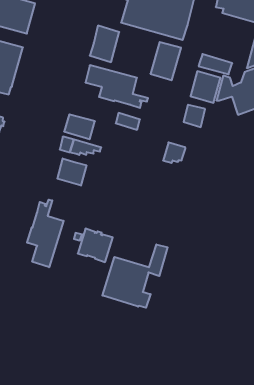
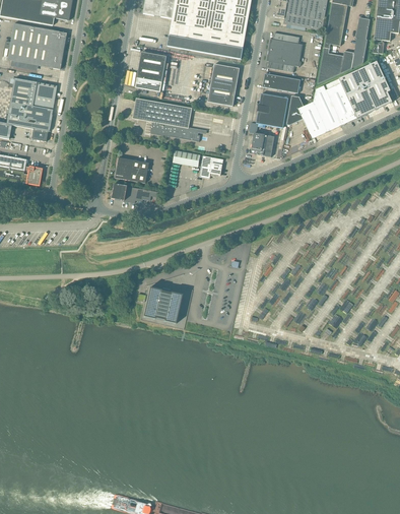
building: none -> [266,31,303,71]
building: [163,142,185,163] -> [199,154,223,178]
building: [57,158,86,186] -> none
building: [27,200,64,267] -> none
building: [102,244,168,308] -> none

